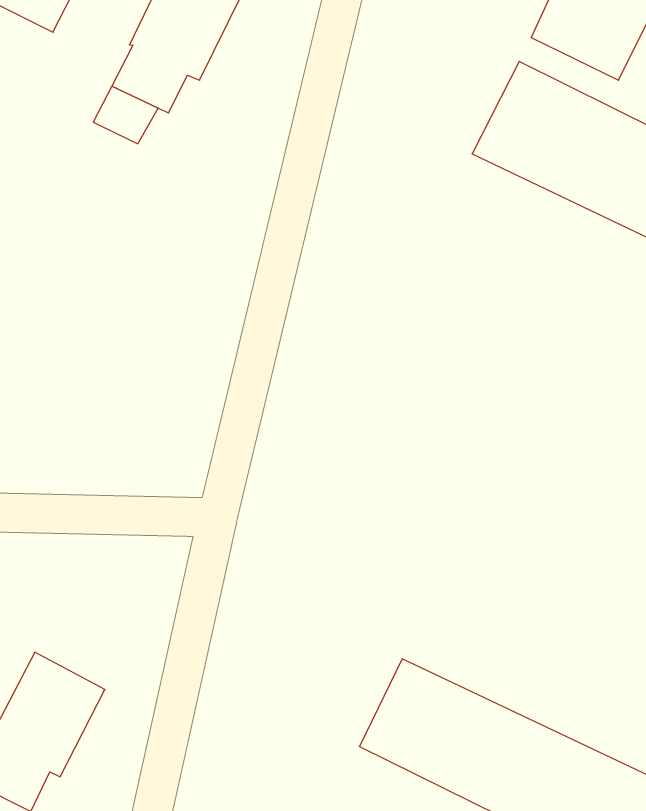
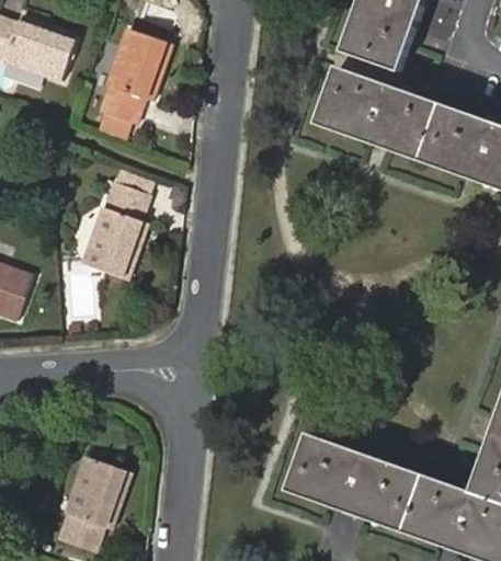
building: none -> [77,182,147,280]

